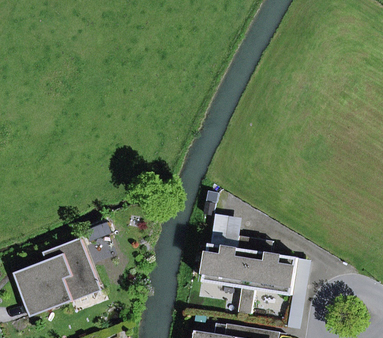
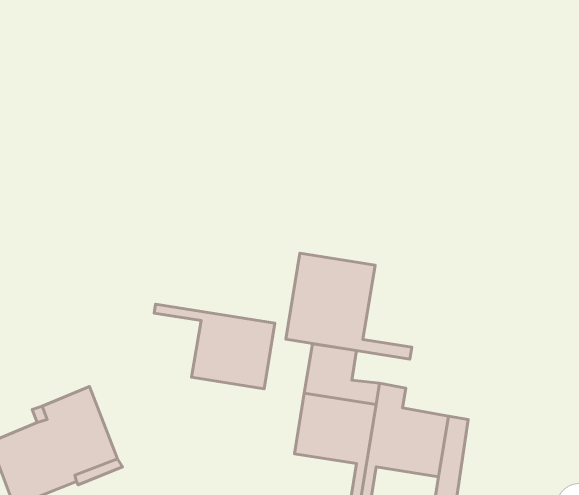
building: none -> [286,253,412,359]
building: none -> [154,304,275,389]

